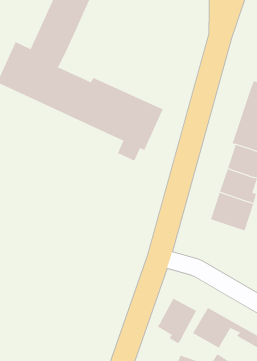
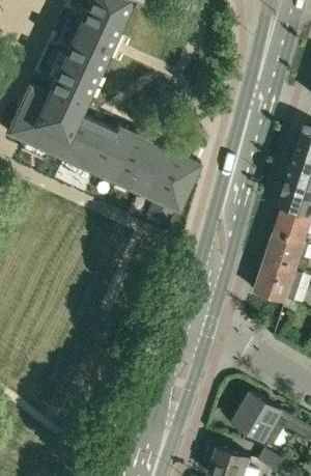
building: [157,298,197,344] -> none

